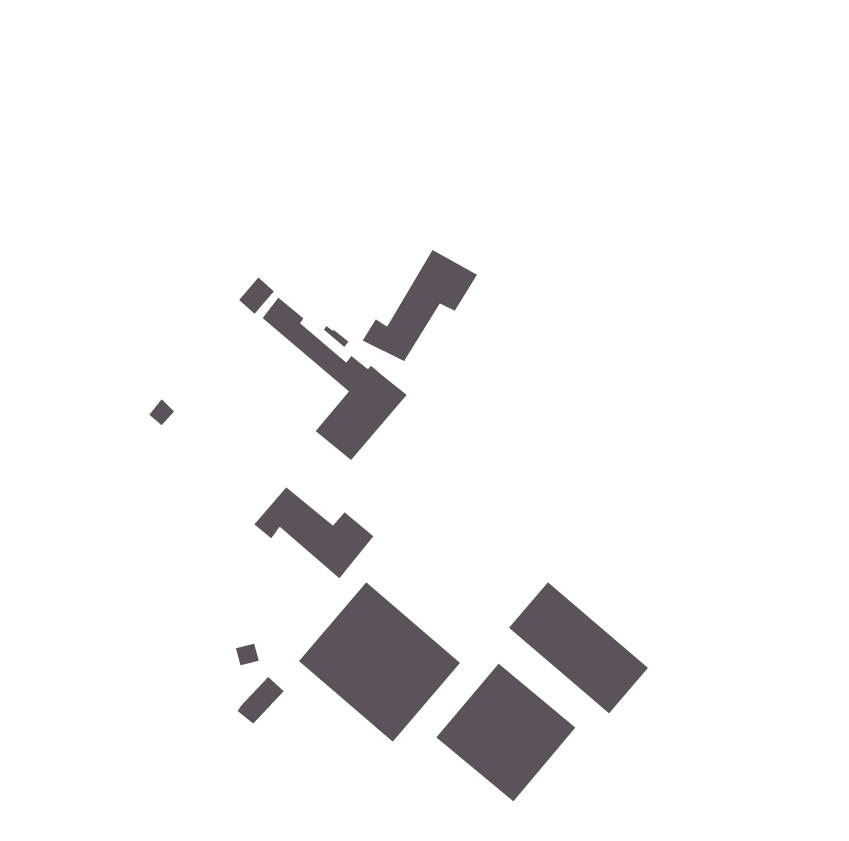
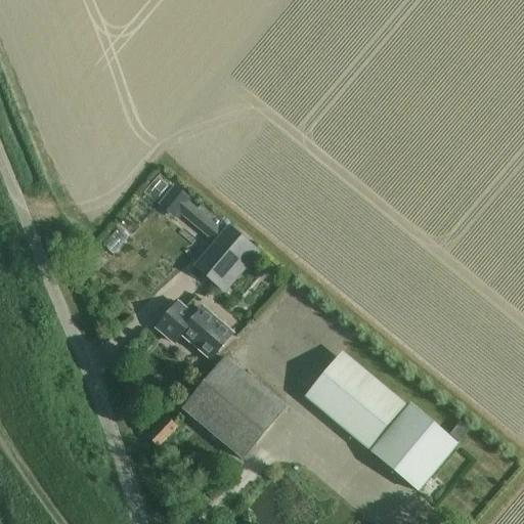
building: [361,249,478,362] -> none
building: [435,663,577,802] -> [370,404,457,490]

